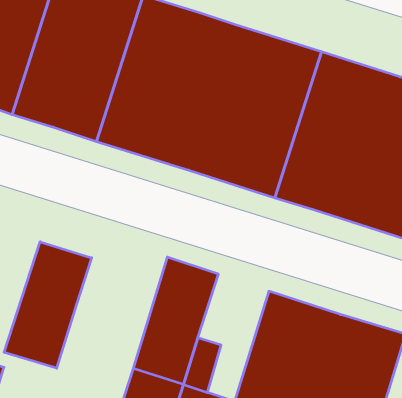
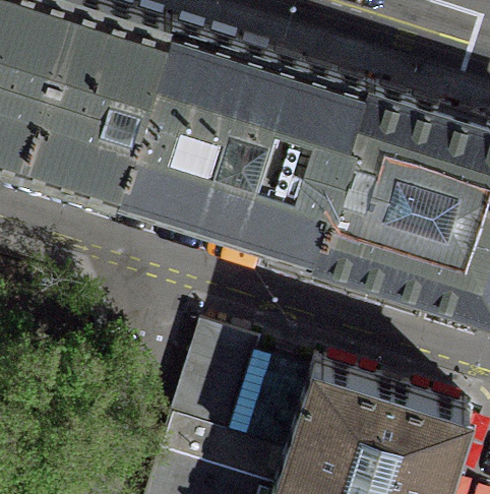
building: [4,242,92,368] -> none

